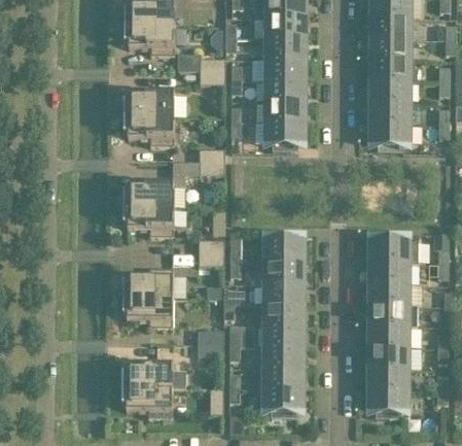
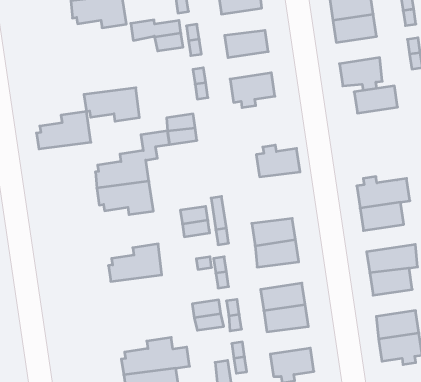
building: [265,59,305,80] -> none
building: [123,87,174,116] -> [36,111,91,149]
building: [264,101,305,122] -> none
building: [370,102,410,123] -> [354,86,398,113]
building: [264,234,304,263] -> [256,145,300,177]
building: [369,284,418,305] -> none
building: [122,297,172,327] -> none
building: [263,304,304,325] -> none
building: [369,347,407,368] -> none
building: [263,367,304,388] -> none

